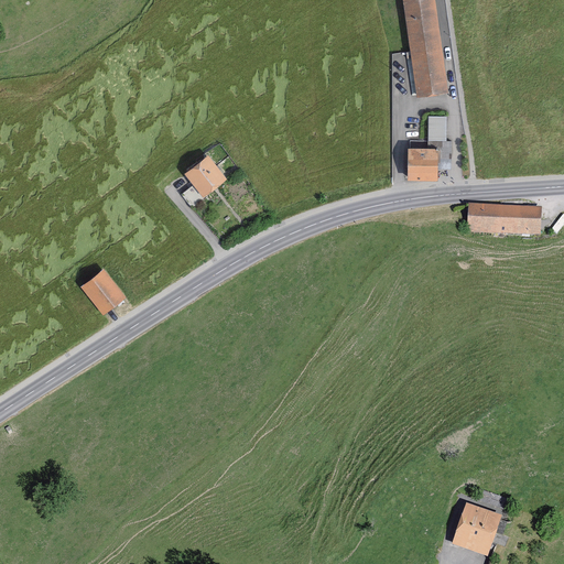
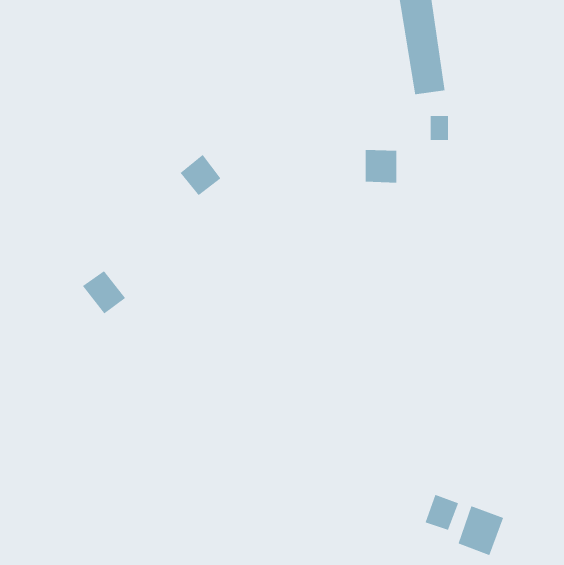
building: [406,144,438,178] -> [365,149,397,183]
building: [466,206,539,236] -> none
building: none -> [425,494,459,531]

